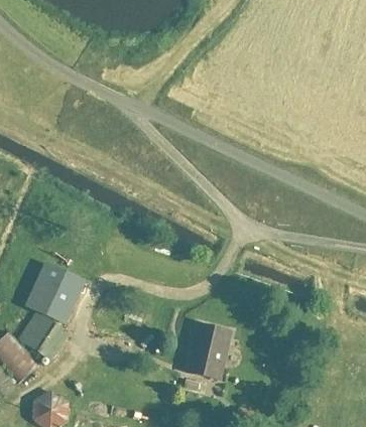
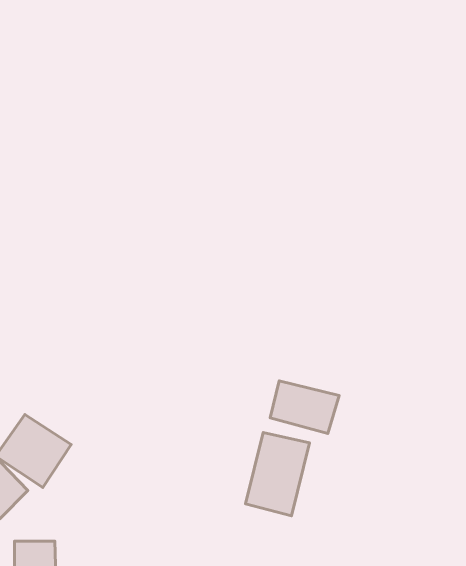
building: [27,263,84,322] -> none
building: none -> [270,381,339,433]

